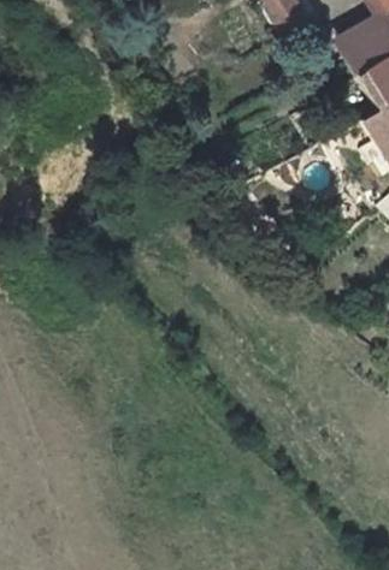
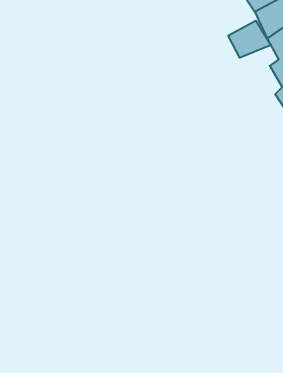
building: none -> [228,21,271,58]

